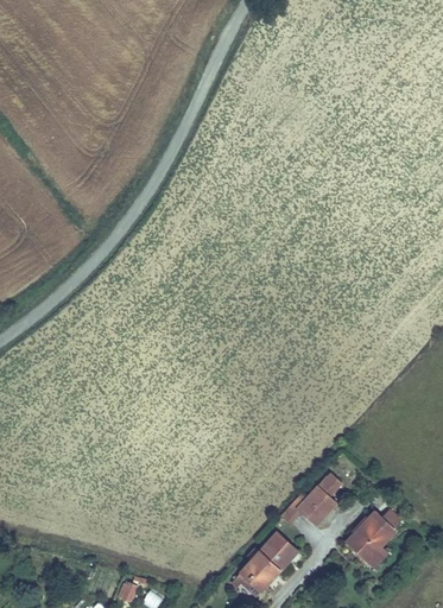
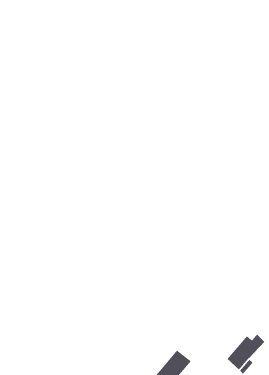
building: [298,474,340,524] -> none

